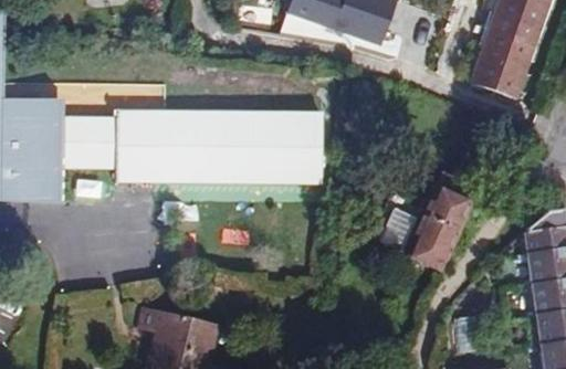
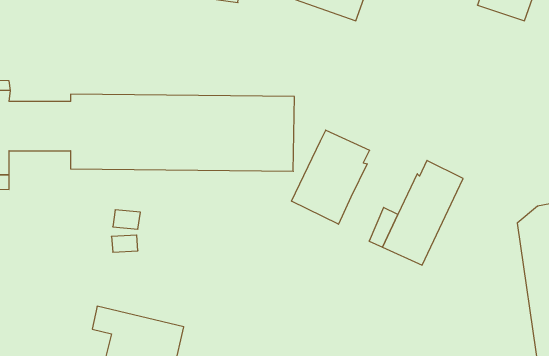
building: [472,30,533,98] -> none
building: none -> [292,130,370,224]

